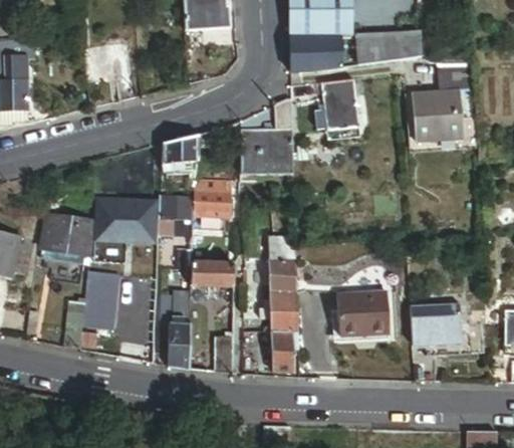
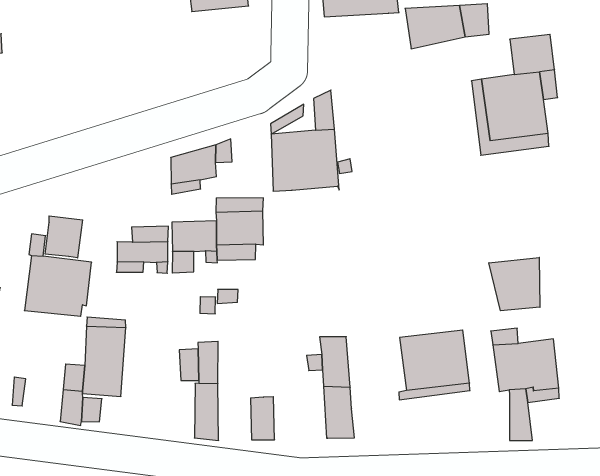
building: [290,37,348,73] -> none
building: [315,80,358,132] -> none
building: none -> [45,216,83,258]
building: [271,235,297,332] -> none
building: none -> [489,257,540,311]
building: [192,261,236,284] -> none

